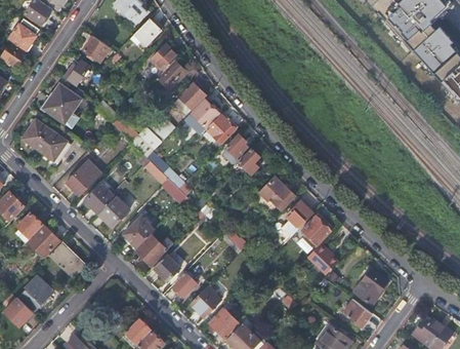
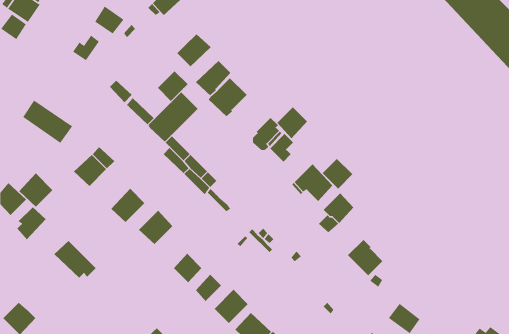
building: [151,43,178,71] -> [157,70,188,102]
building: [43,83,81,128] -> none
building: [208,114,236,143] -> [277,107,308,139]
building: [84,183,116,215] -> none
building: [302,216,330,243] -> [322,158,353,189]
building: [28,225,58,256] -> [18,173,53,207]
building: [136,234,167,265] -> none
building: [352,268,388,306] -> none
building: [17,276,52,310] -> none

